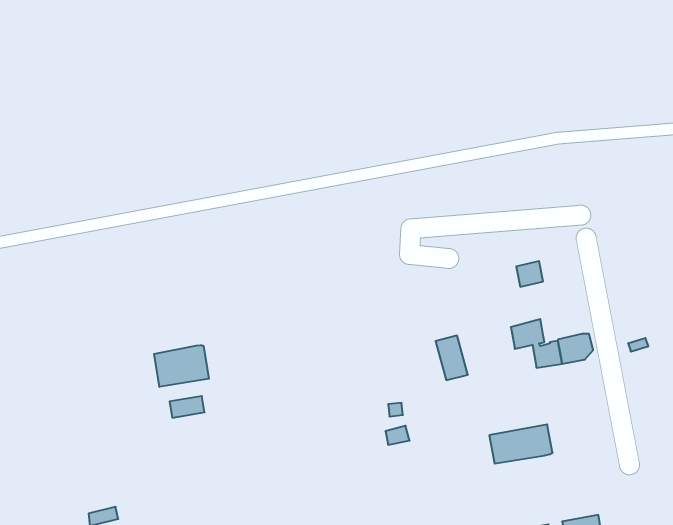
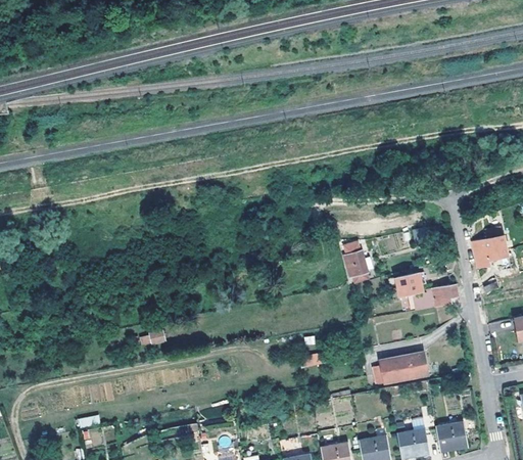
building: none -> [473,228,510,268]
building: [436,336,468,380] -> [342,243,367,277]
building: [154,345,209,387] -> none

